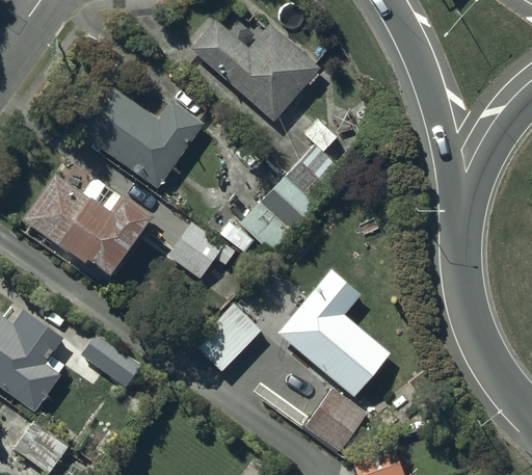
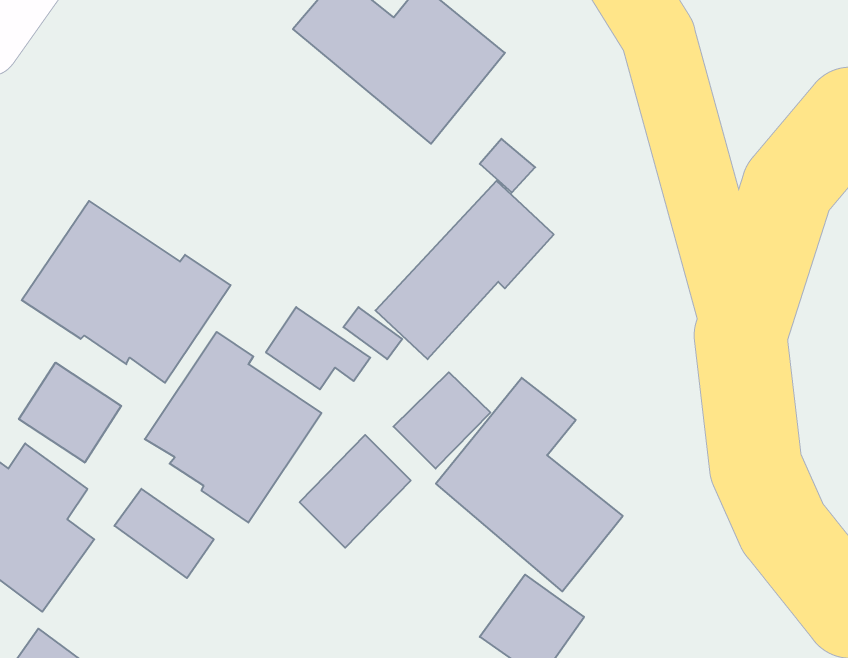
building: [73,81,203,189] -> none
building: none -> [145,332,321,523]
building: none -> [19,363,121,463]
building: none -> [393,372,490,469]

